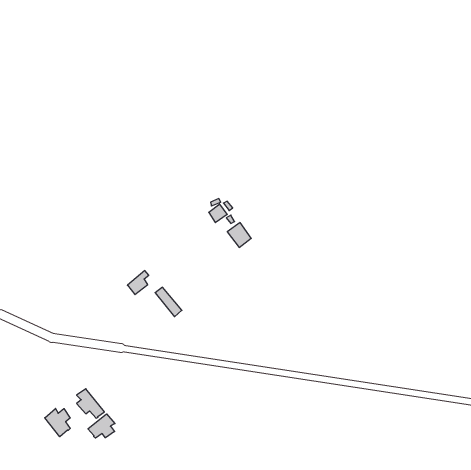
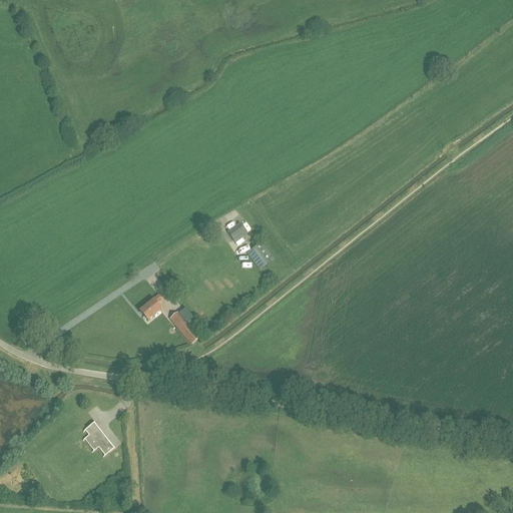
building: [45,408,70,437] -> none
building: [88,414,115,438] -> none

